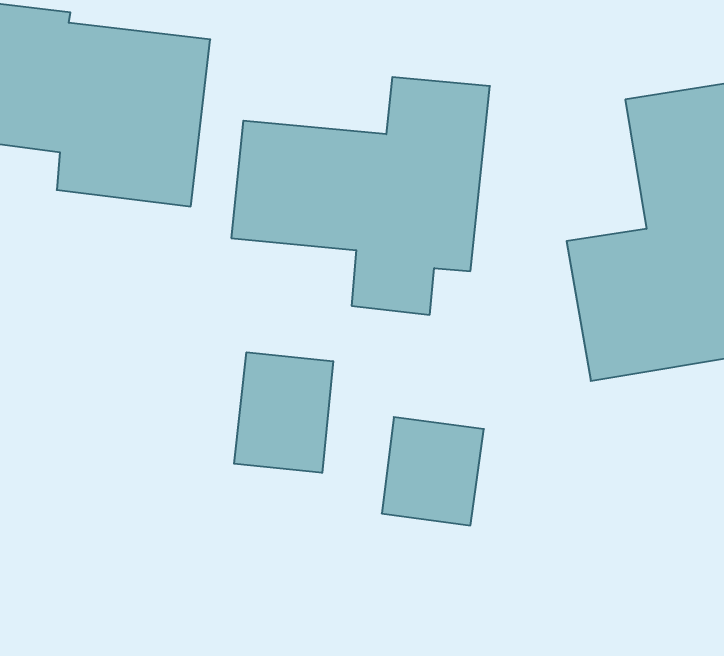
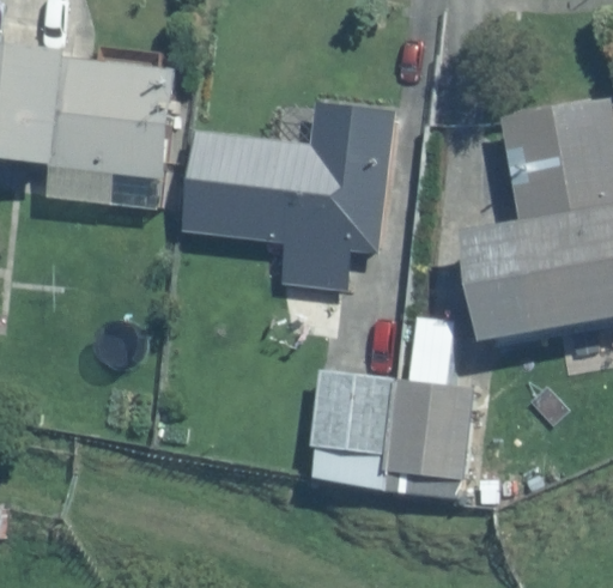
building: [234,352,333,473] -> none
building: none -> [386,380,472,480]

